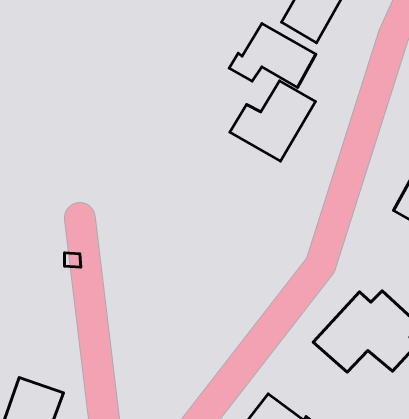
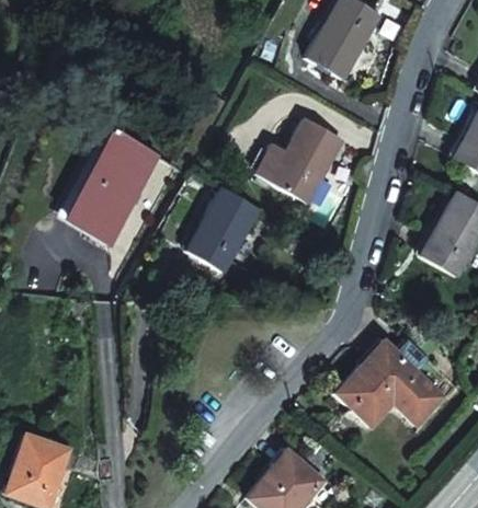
building: [229,23,316,87] -> none
building: none -> [67,135,159,245]
building: none -> [181,185,253,268]

